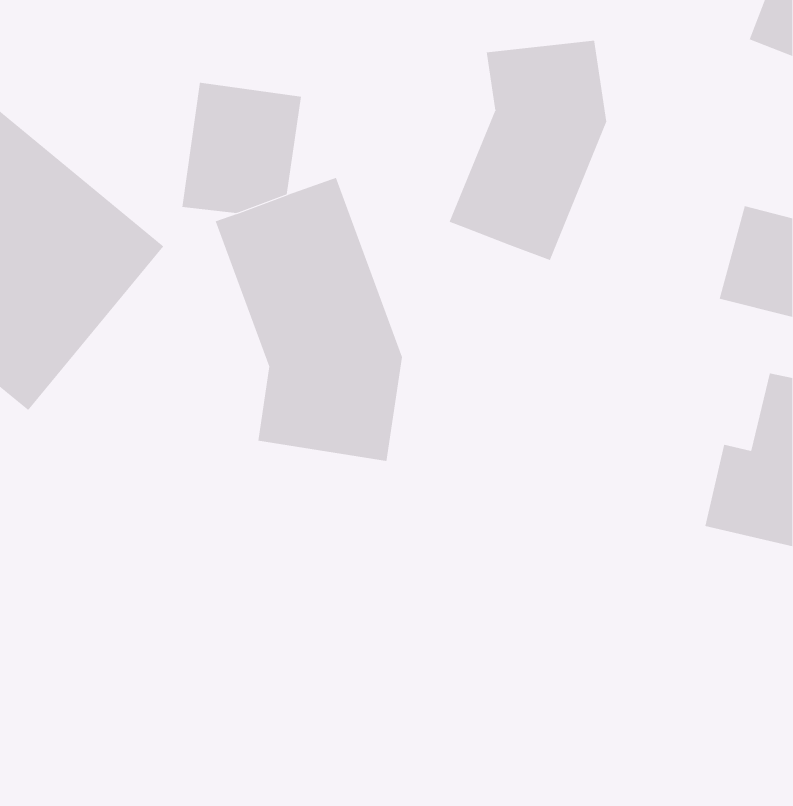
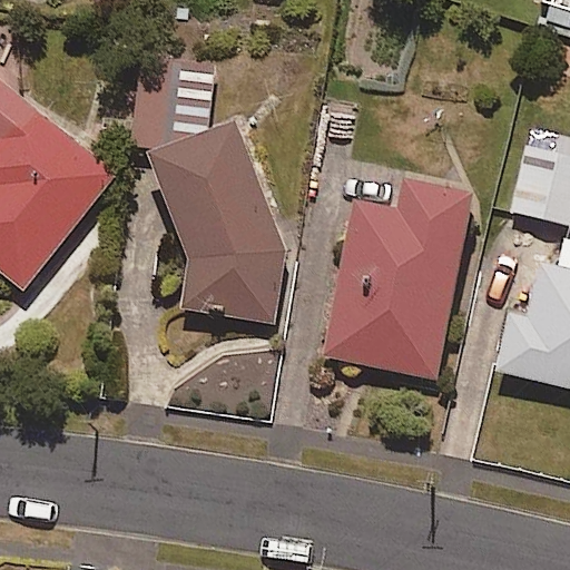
building: [449,40,607,261] -> none
building: none -> [323,181,474,379]

